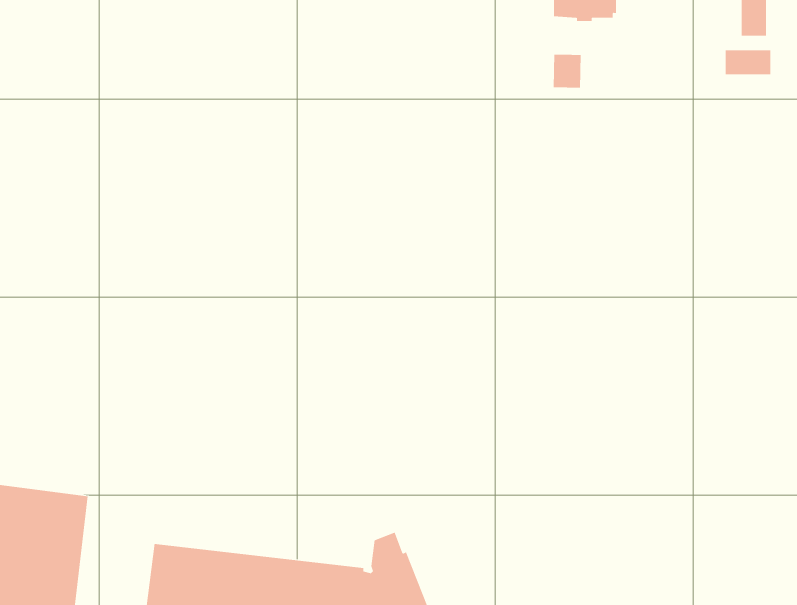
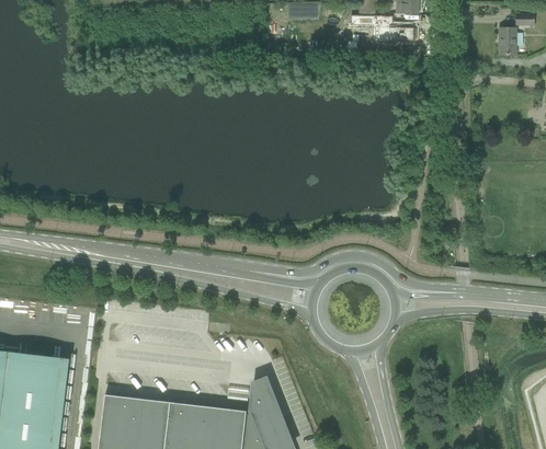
building: [725,49,771,75] -> none
building: [553,54,581,89] -> none

